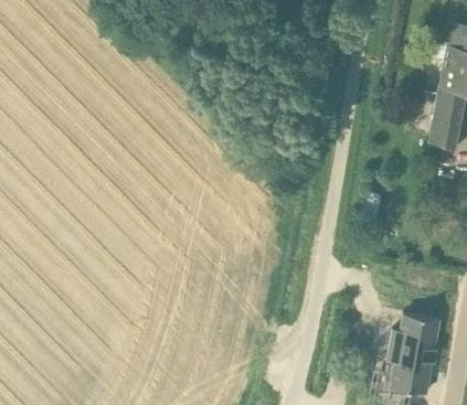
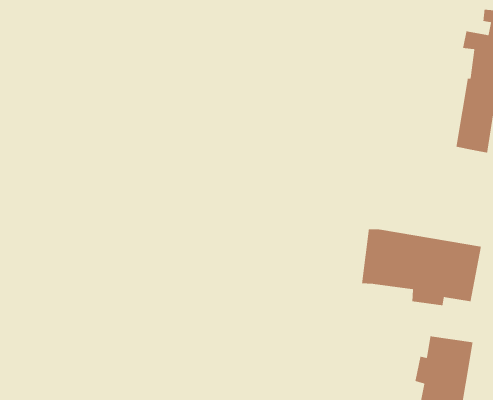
building: none -> [361,228,482,306]

